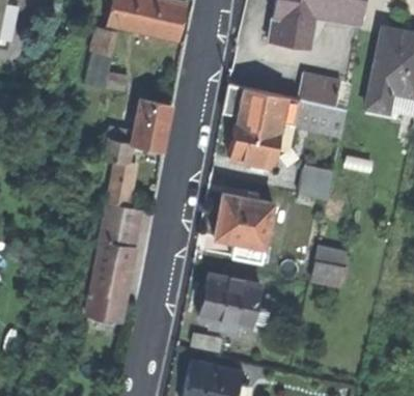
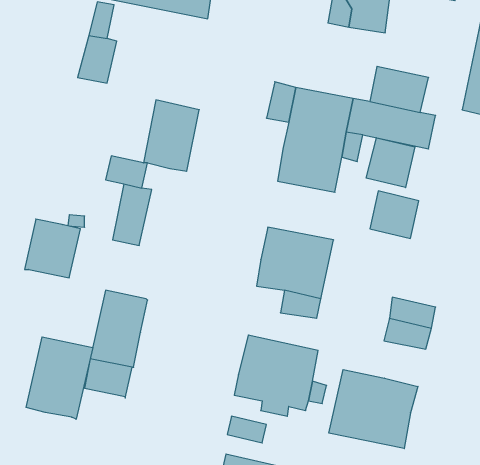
building: none -> [366,138,415,188]
building: [99,203,140,247] -> [25,219,80,278]
building: none -> [26,337,93,419]
building: none -> [329,370,418,449]

